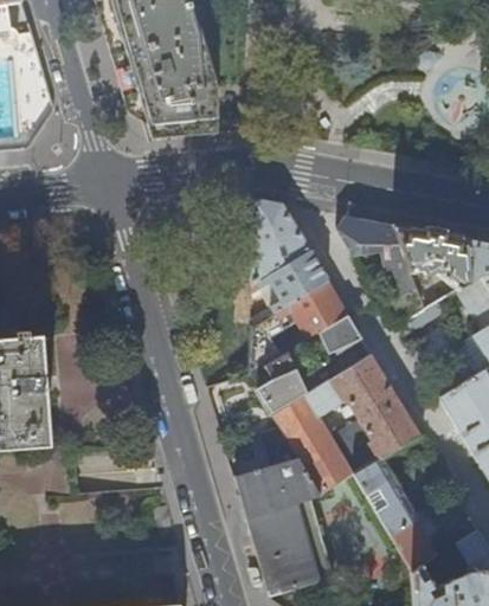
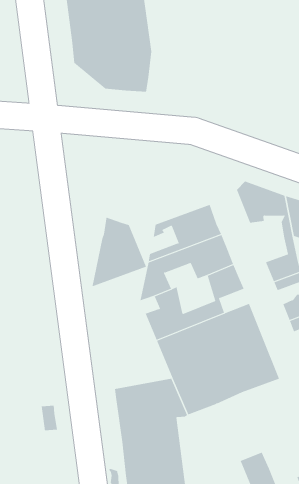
building: [251,199,310,282] -> [92,217,147,287]
building: [354,457,426,535] -> none

